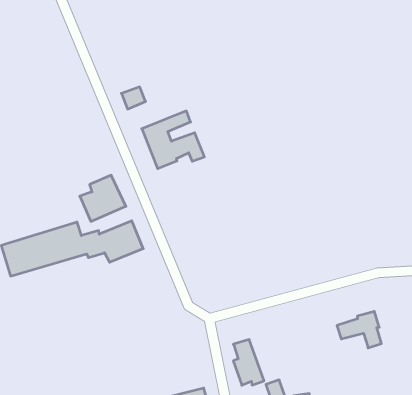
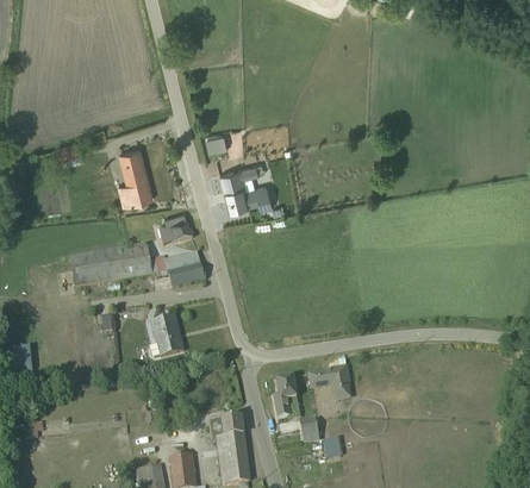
building: none -> [119,142,154,199]
building: none -> [150,315,182,357]
building: [337,311,381,348] -> [310,364,349,398]

